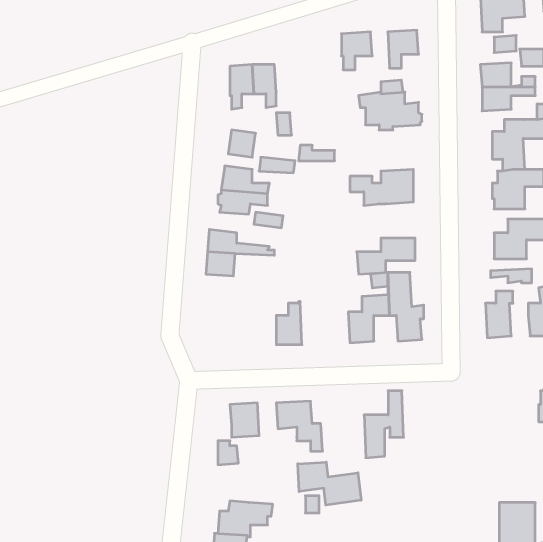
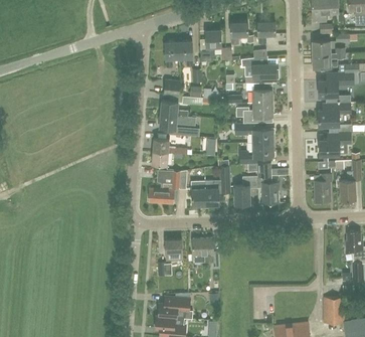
building: none -> [200,30,221,61]
building: none -> [252,82,272,104]
building: none -> [234,123,275,143]
building: none -> [149,171,180,203]
building: [364,391,404,458] -> [206,166,229,205]
building: [298,462,361,505] -> none

